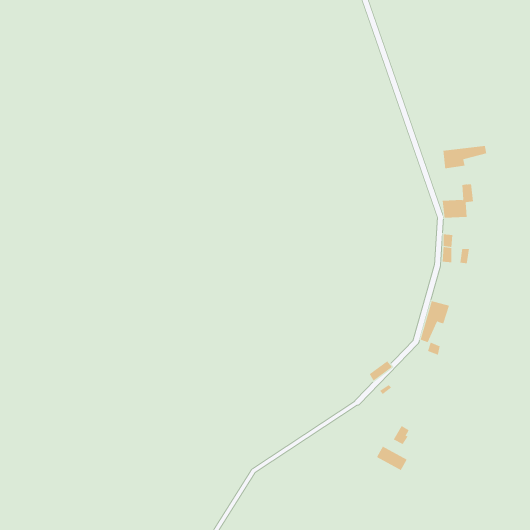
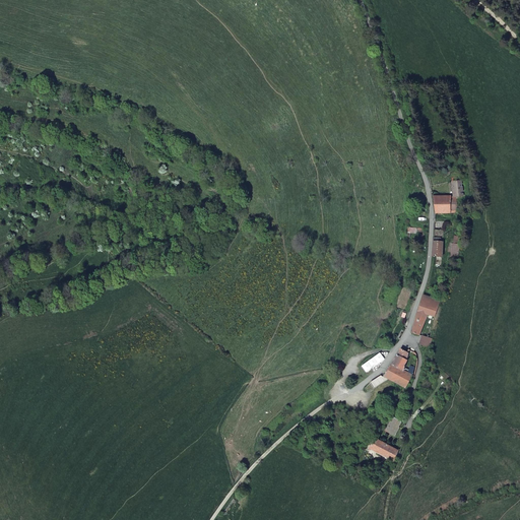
building: [443,145,487,169] -> none
building: none -> [384,348,414,388]

